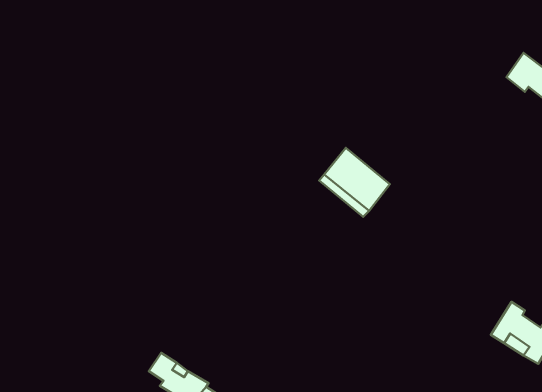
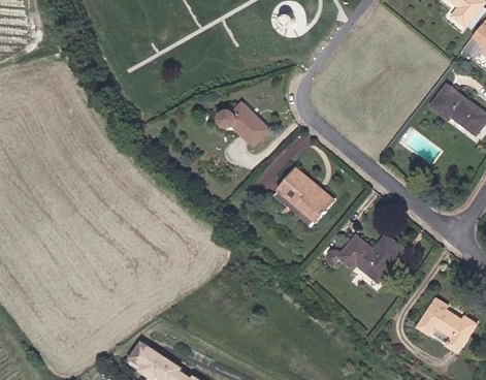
building: none -> [219,103,267,145]
building: none -> [327,235,401,280]

